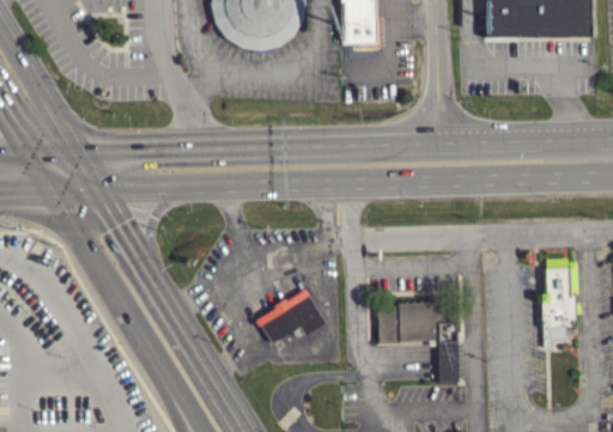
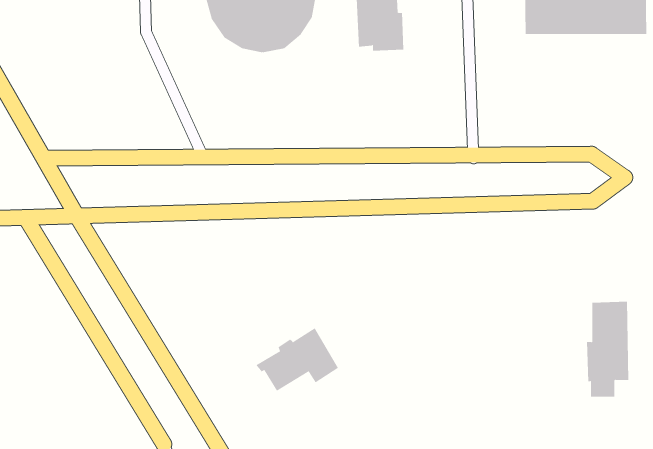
building: [377,300,460,382] -> none

